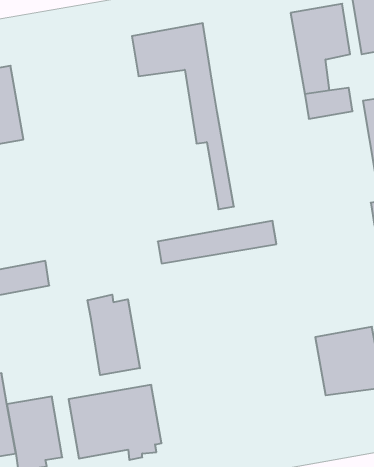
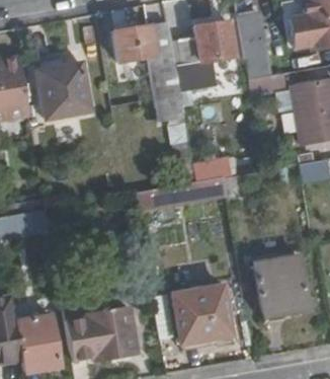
building: none -> [175,21,232,92]
building: none -> [36,64,89,119]
building: [88,295,140,375] -> none
building: none -> [169,284,230,344]

